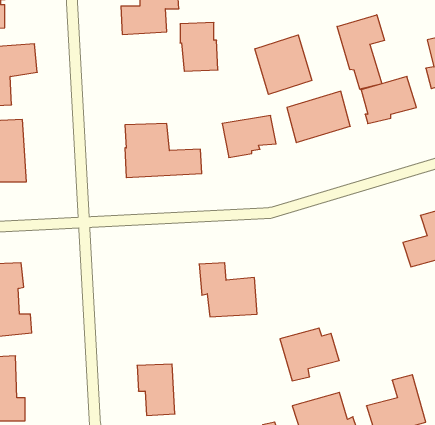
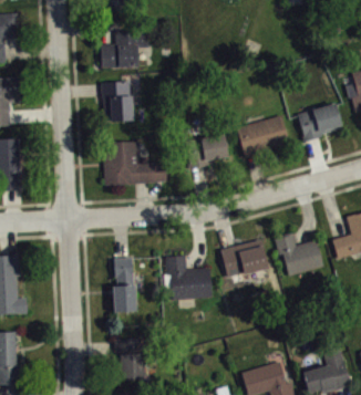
building: [337,15,385,89] -> none
building: [180,23,218,71] -> [102,82,133,122]
building: [255,35,312,94] -> none
building: none -> [275,232,324,276]
building: none -> [113,258,136,313]
building: [280,328,339,381] -> [220,241,269,284]

